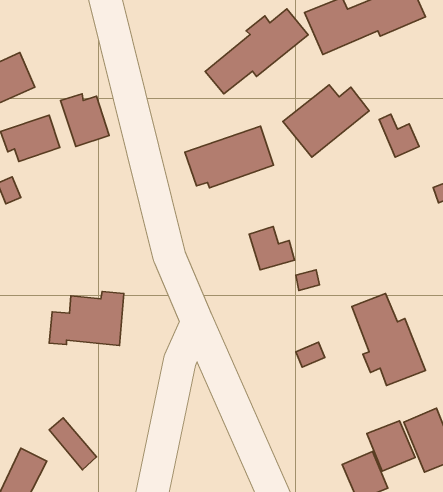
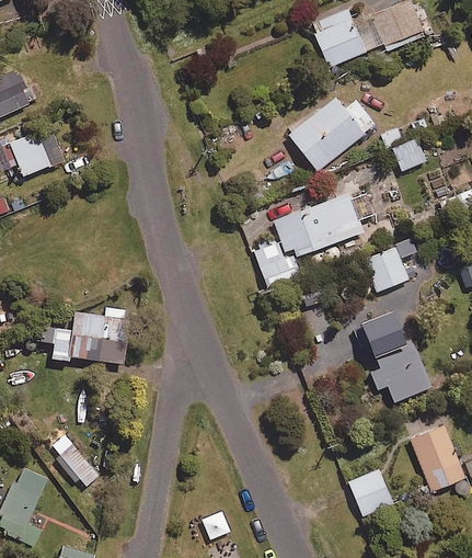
building: [205,9,308,94] -> none
building: [60,94,109,147] -> none
building: [185,126,273,188] -> [273,192,362,254]
building: none -> [364,238,417,292]
building: [367,421,415,471] -> none

